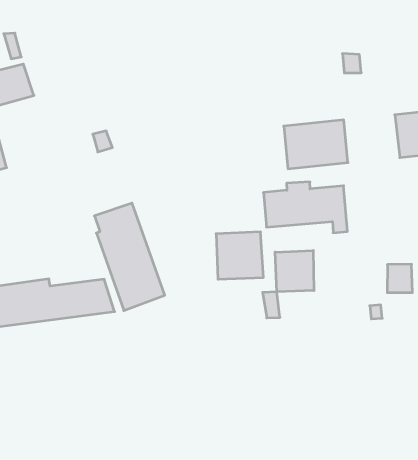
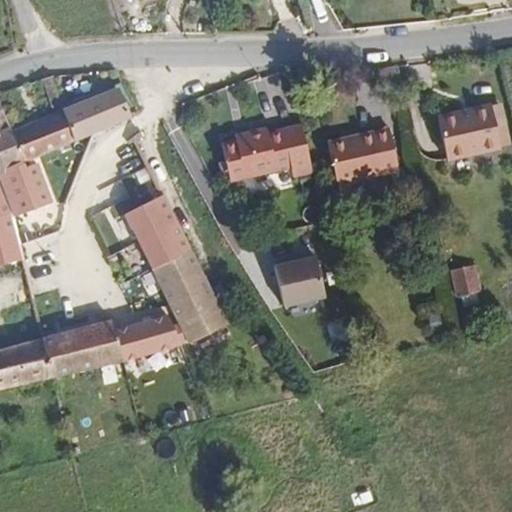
building: none -> [61,88,132,139]
building: none -> [135,205,185,252]
building: [263,182,347,233] -> [224,126,312,176]
building: [275,250,314,292] -> none

